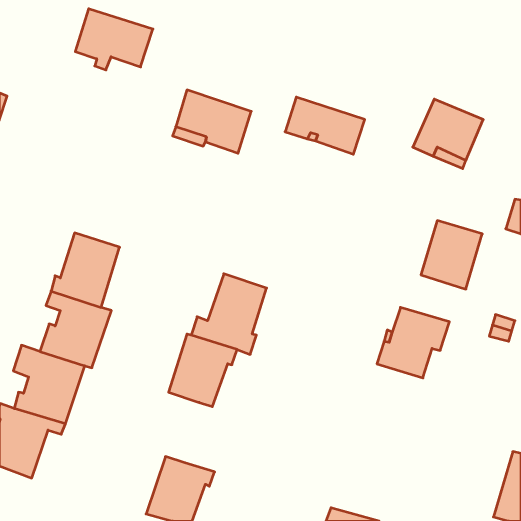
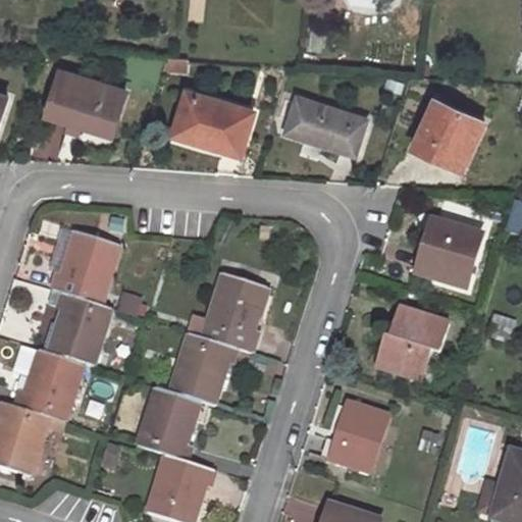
building: [75,9,153,70] -> [47,69,124,130]
building: none -> [135,387,199,462]
building: none -> [326,403,387,470]

